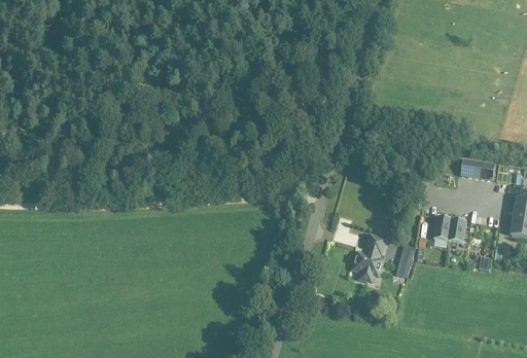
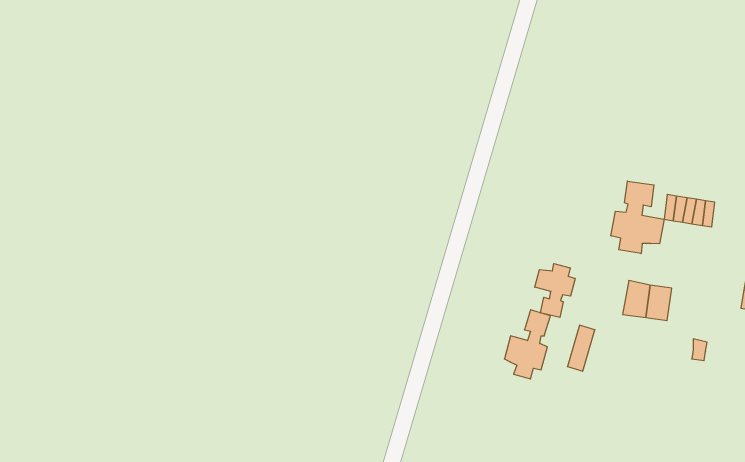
building: none -> [611,181,664,254]
building: none -> [535,264,575,317]

